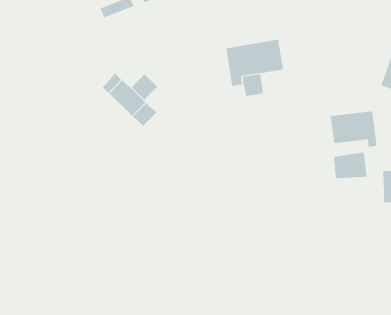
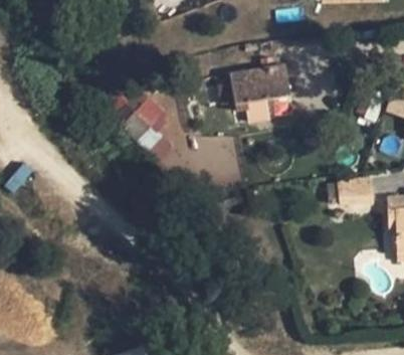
building: [330,110,377,147] -> none

